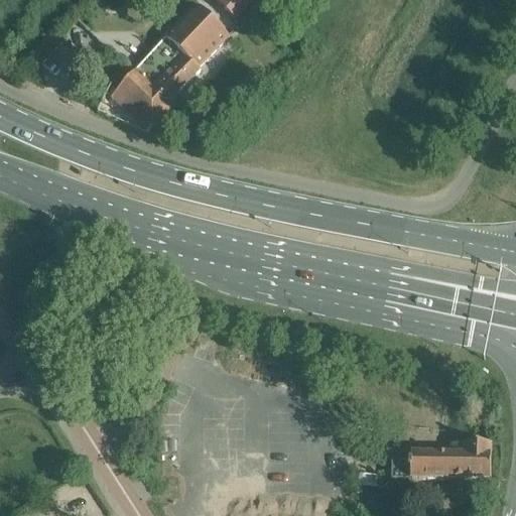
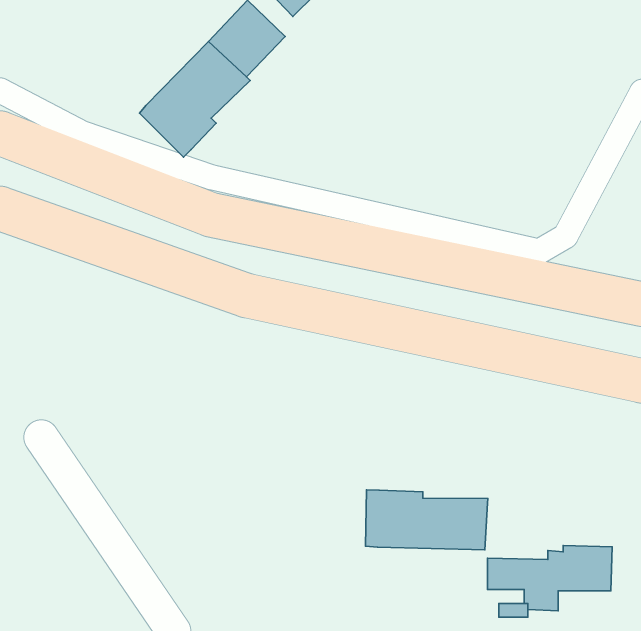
building: none -> [366,490,488,550]

